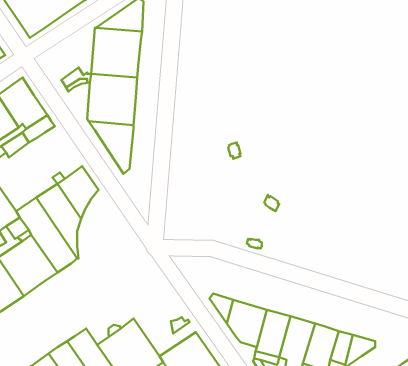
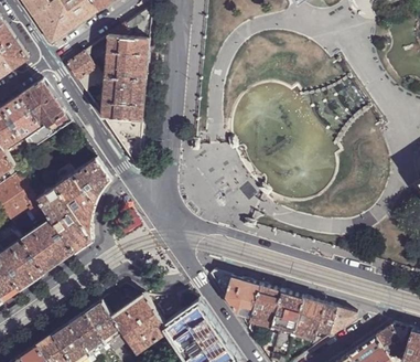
building: none -> [65,51,96,81]

